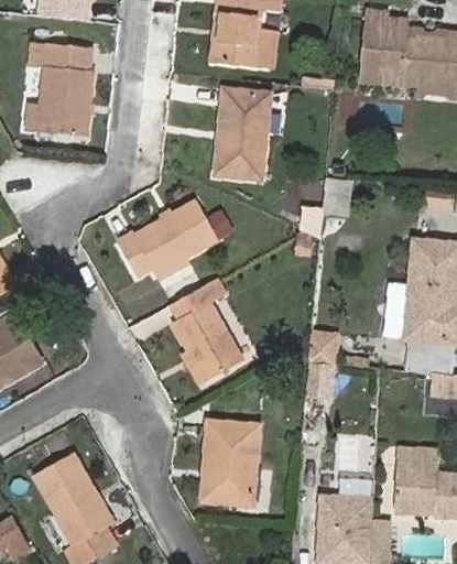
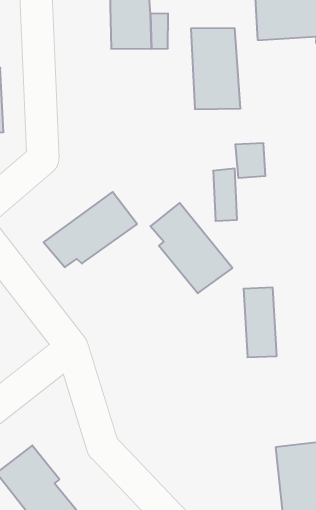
building: [214,98,266,186] -> [191,28,241,109]
building: [167,292,243,386] -> [150,203,232,293]
building: [206,426,262,506] -> none

